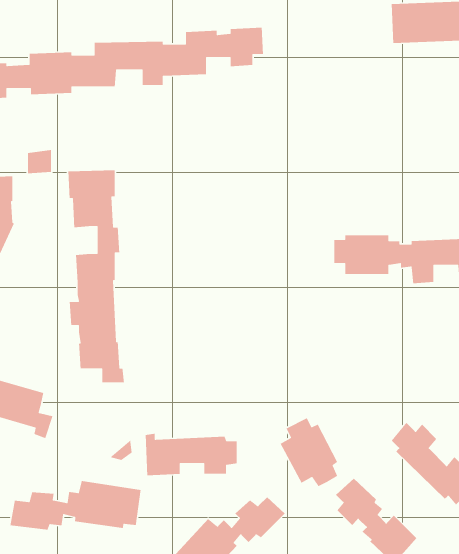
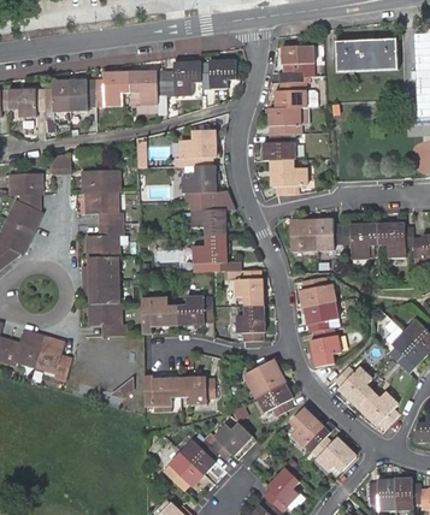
building: none -> [263,43,313,195]
building: none -> [175,129,265,342]
building: none -> [300,277,341,366]
building: none -> [141,295,213,333]
building: [9,480,141,530] -> none

